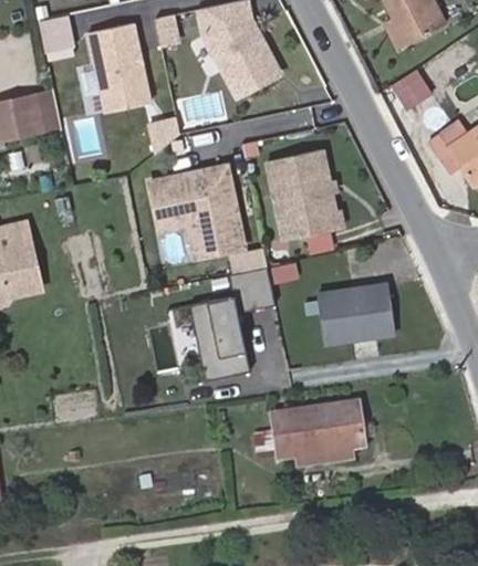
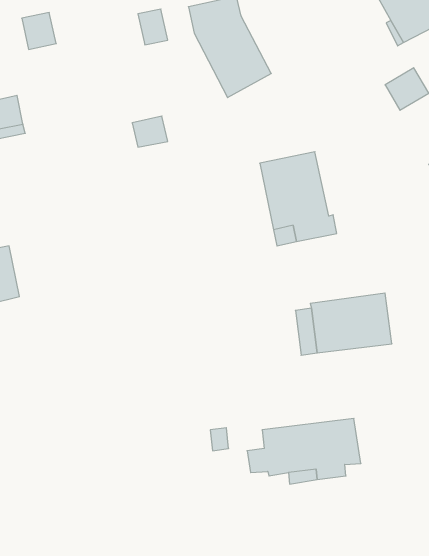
building: [91,22,152,112] -> none
building: [152,165,246,256] -> none
building: [189,264,276,377] -> none

